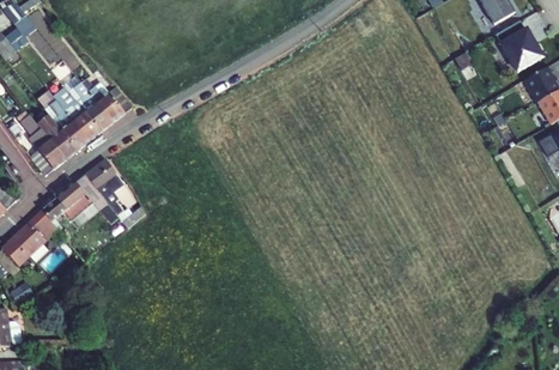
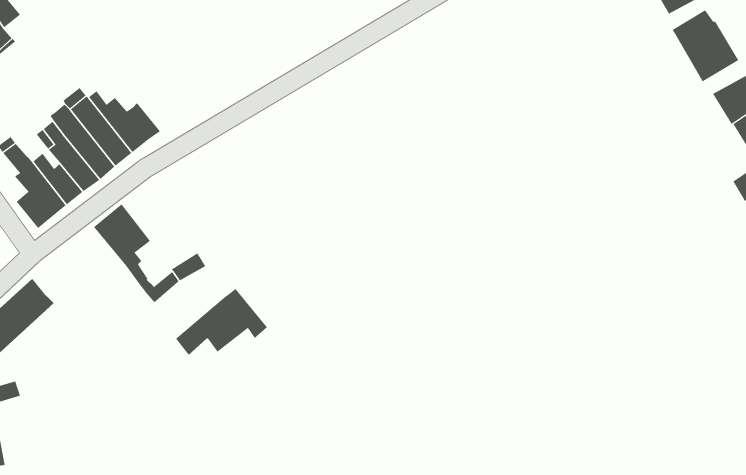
building: [42,175,108,223] -> [175,288,268,356]

